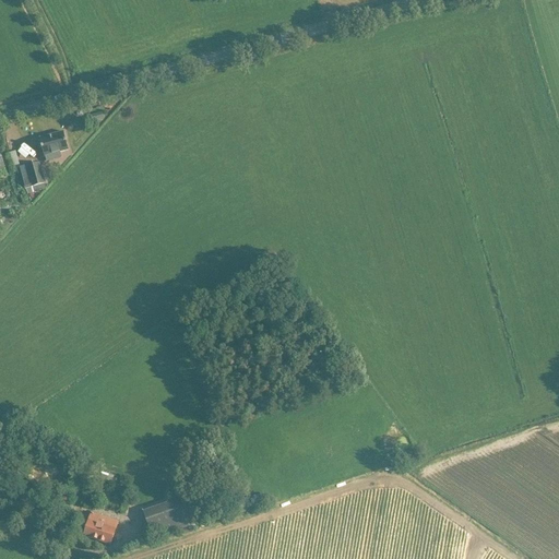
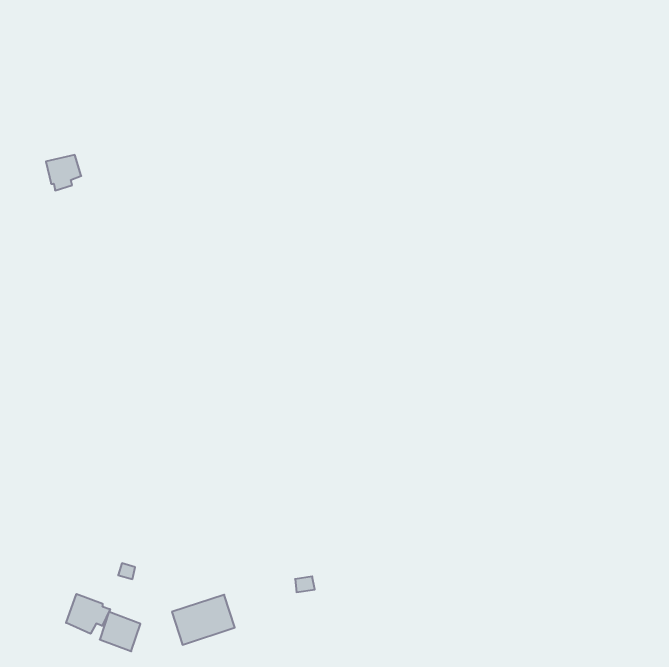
building: [15,159,45,191] -> none
building: none -> [66,594,110,634]

